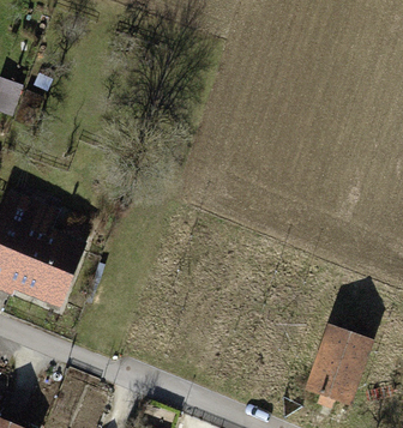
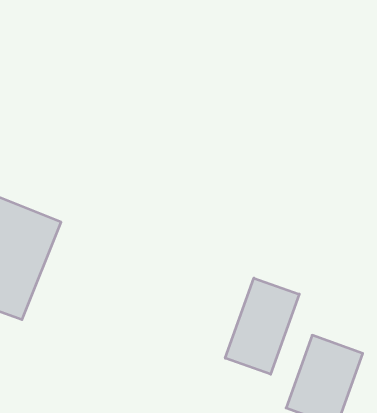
building: none -> [225,278,299,374]

